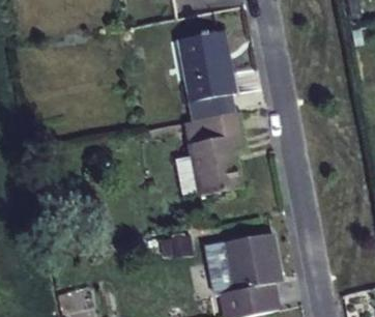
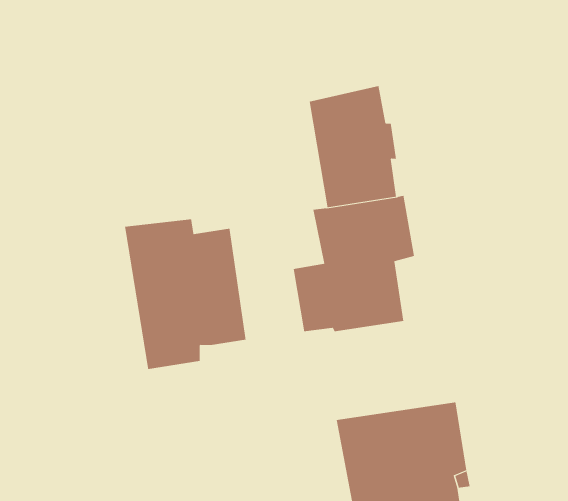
building: [184,35,228,63] -> none
building: none -> [124,219,246,370]

